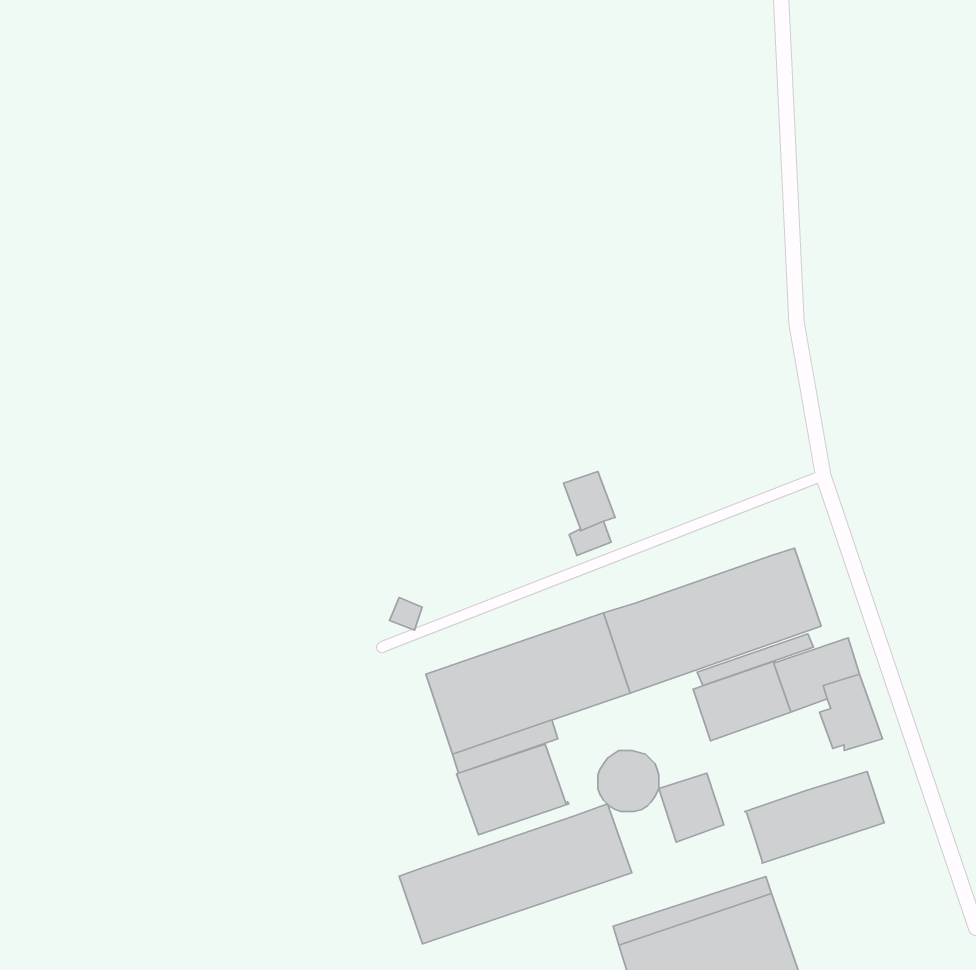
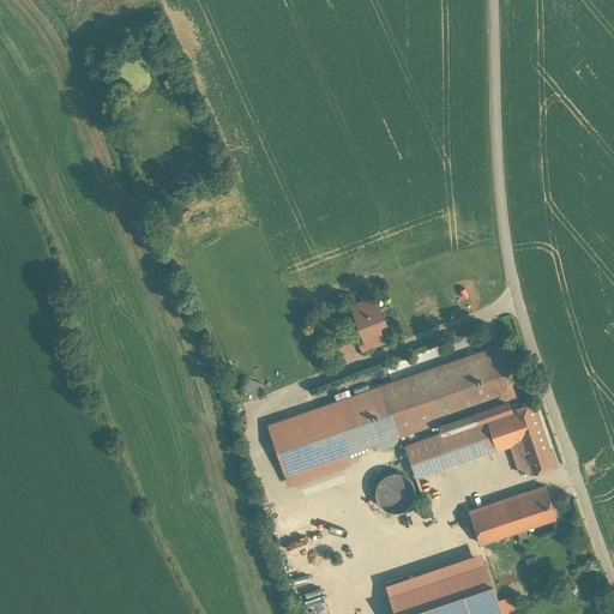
building: [456,744,569,835] -> none
building: [659,773,724,842] -> [405,437,446,480]
building: [399,804,632,944] -> none

